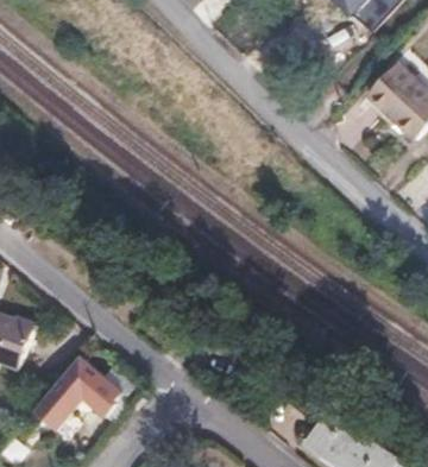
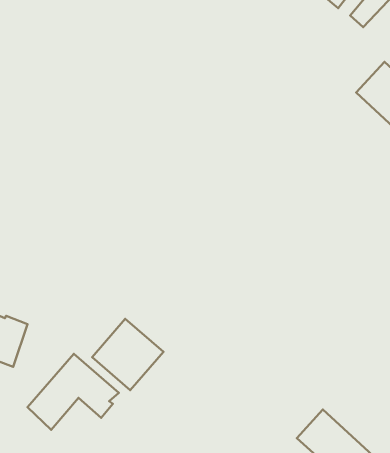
building: none -> [92,319,163,390]

